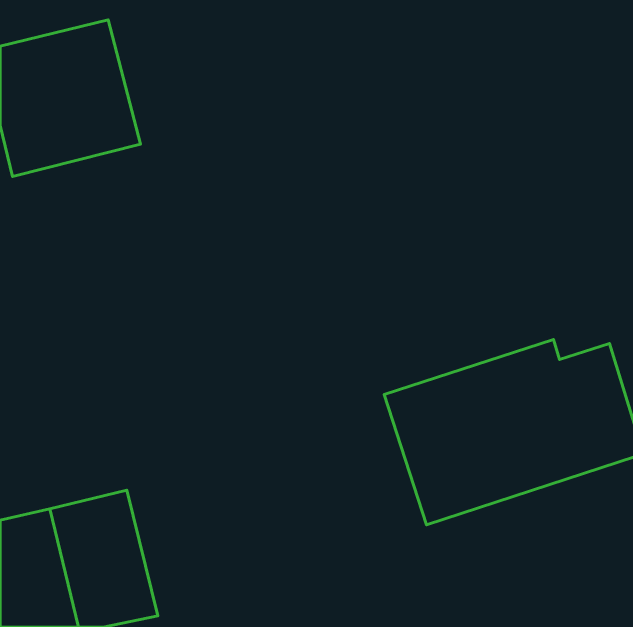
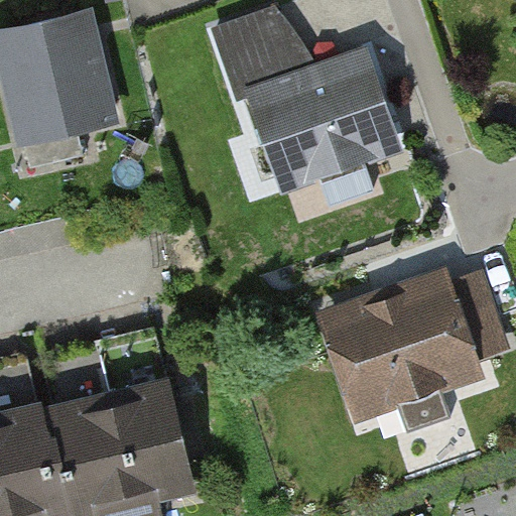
building: none -> [212,6,402,182]
building: none -> [105,382,192,499]

